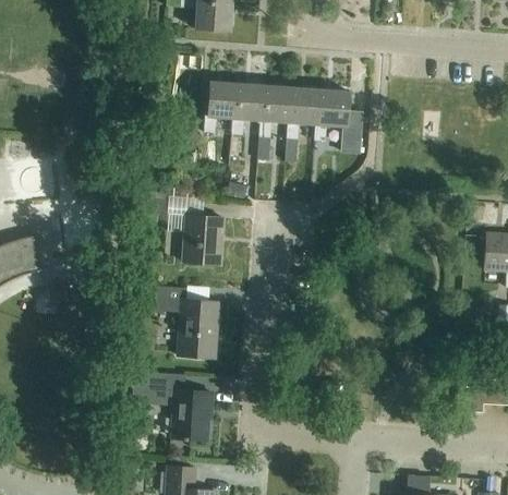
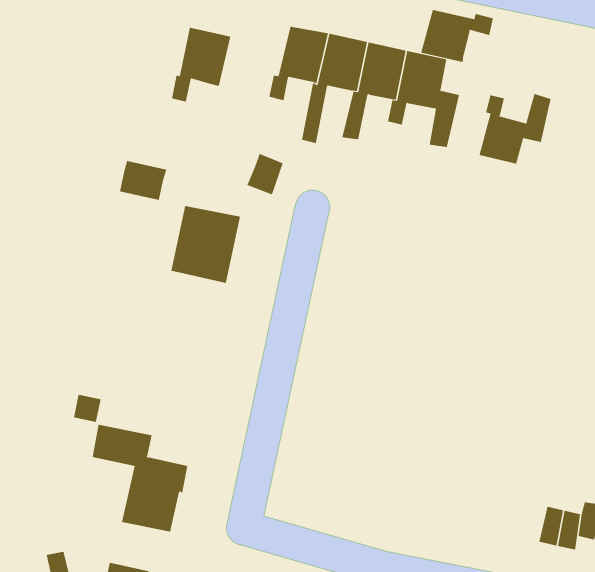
building: none -> [421,9,493,63]
building: [204,81,239,132] -> [171,27,231,102]
building: none -> [479,93,551,164]
building: [129,283,218,358] -> none

